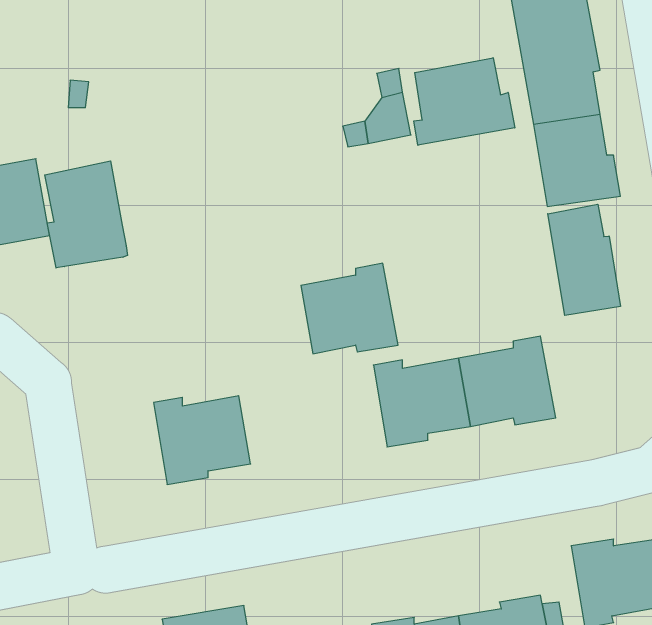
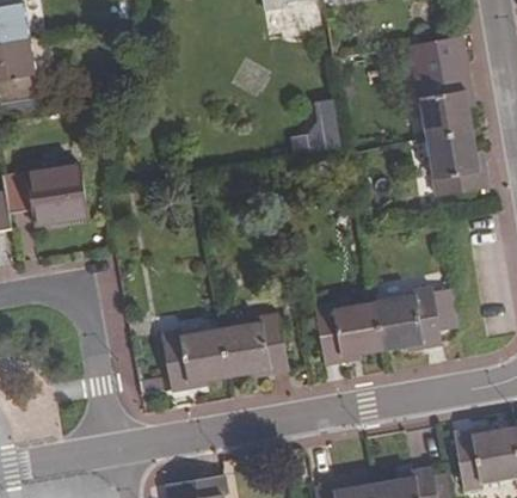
building: [414,58,515,145] -> none
building: [45,161,128,268] -> none
building: [548,204,620,315] -> none
building: [301,263,398,354] -> [221,313,289,376]

